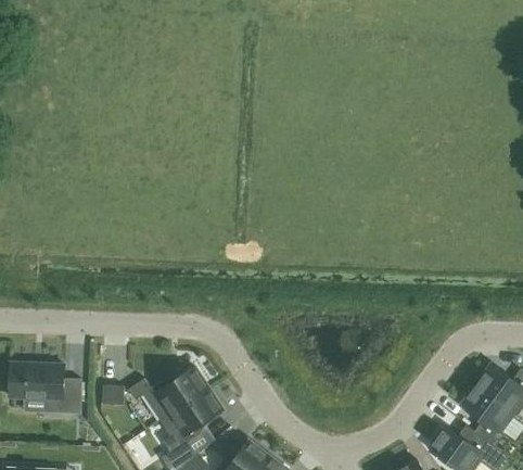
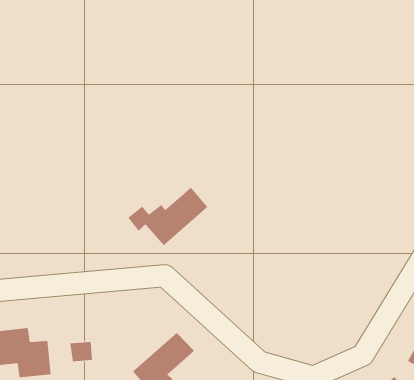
building: [128,368,208,422] -> [128,187,208,246]

